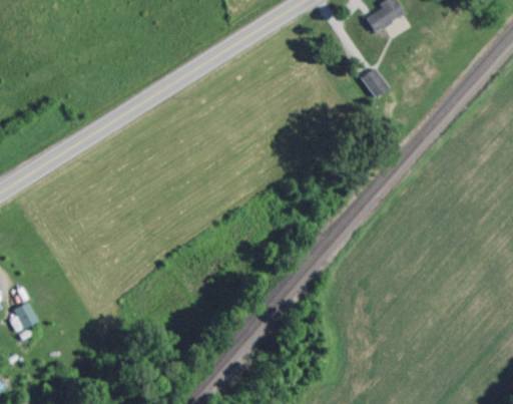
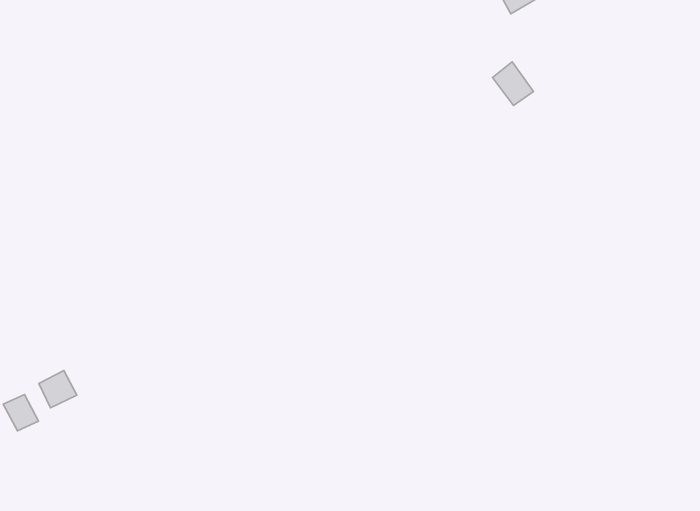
building: none -> [39,371,77,408]

